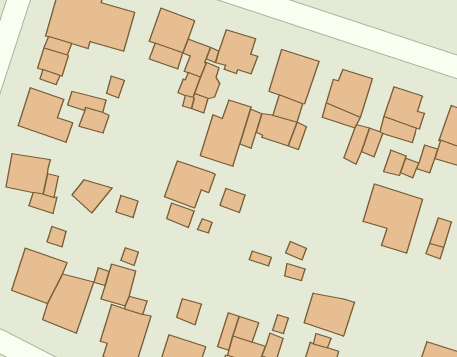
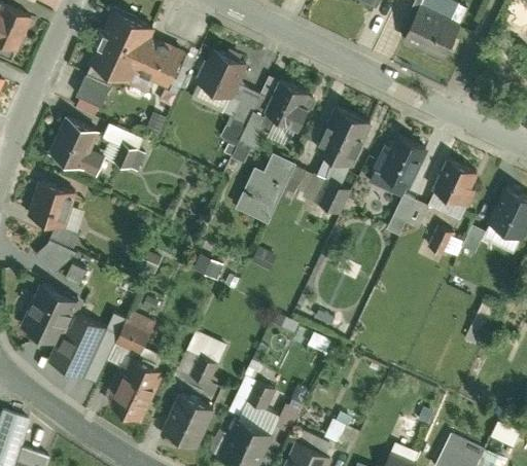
building: [165,161,215,208] -> none
building: [72,180,112,213] -> [36,242,79,278]
building: [363,184,422,253] -> none
building: none -> [187,331,227,365]
building: [304,293,355,336] -> none

